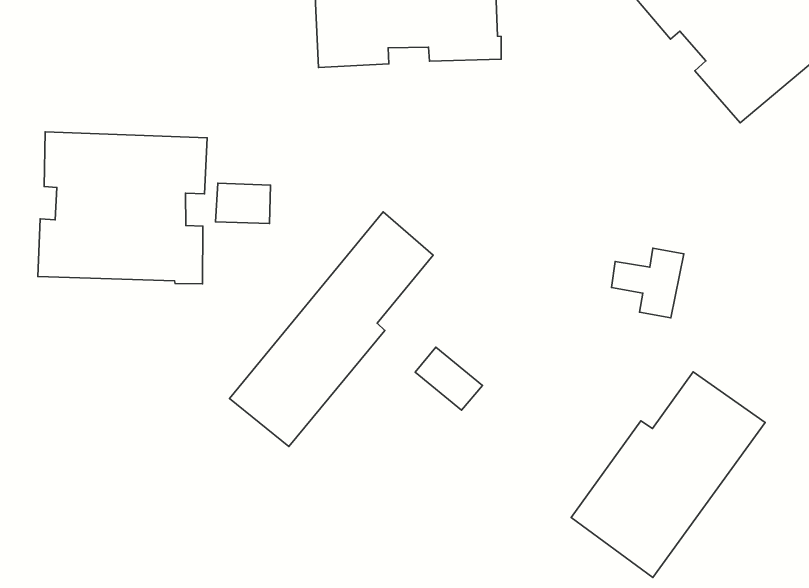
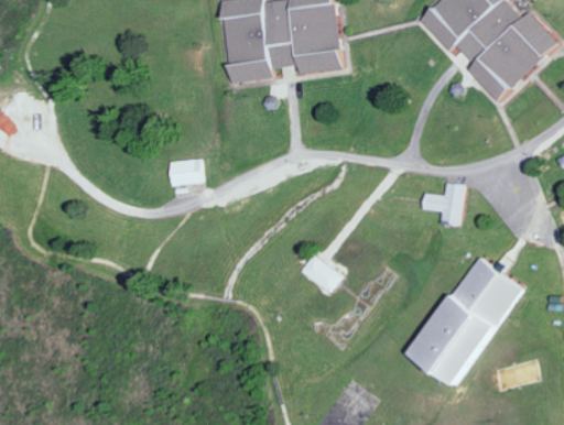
building: [38,132,207,284] -> none
building: [230,212,433,447] -> none

